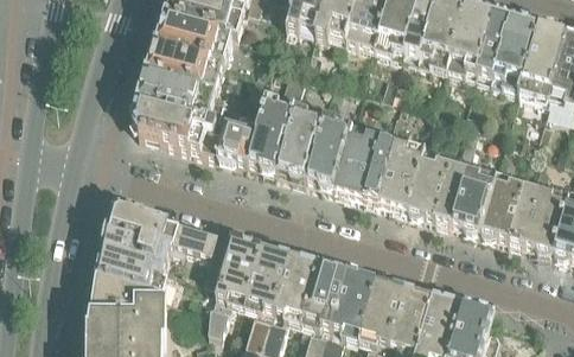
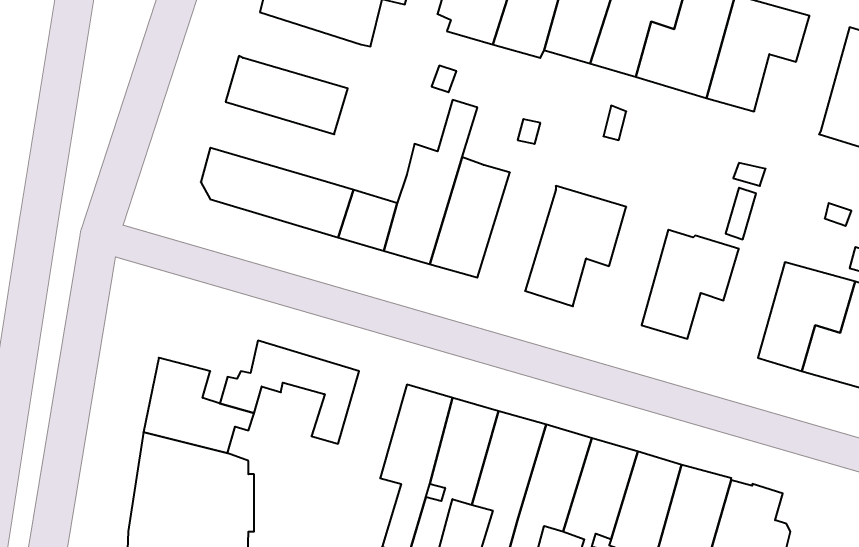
building: [158,12,231,60] -> none
building: [476,15,535,87] -> none
building: [138,69,215,117] -> none
building: [304,113,352,186] -> none
building: [363,134,425,208] -> none
building: [434,160,495,228] -> none
building: [106,204,167,256] -> none
building: [208,236,260,334] -> none

